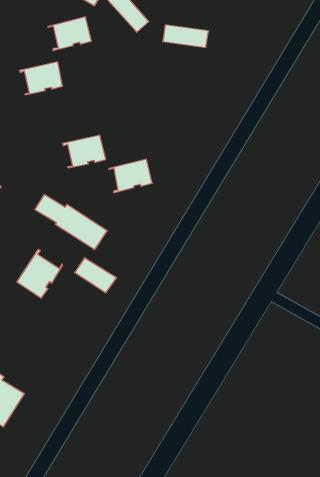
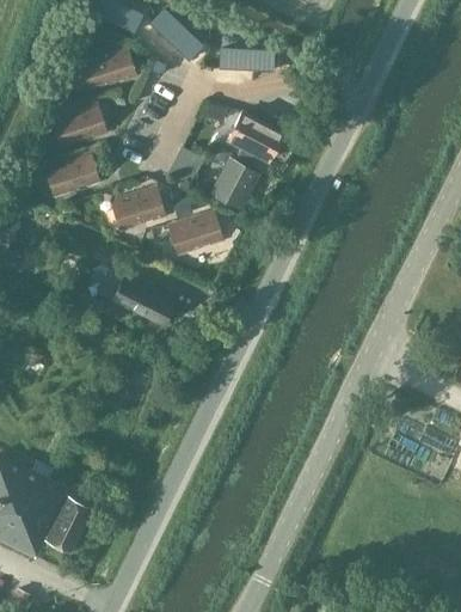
building: none -> [210,111,287,210]
building: none -> [44,154,99,197]
building: [17,249,63,298] -> none
building: [75,258,116,293] -> none

